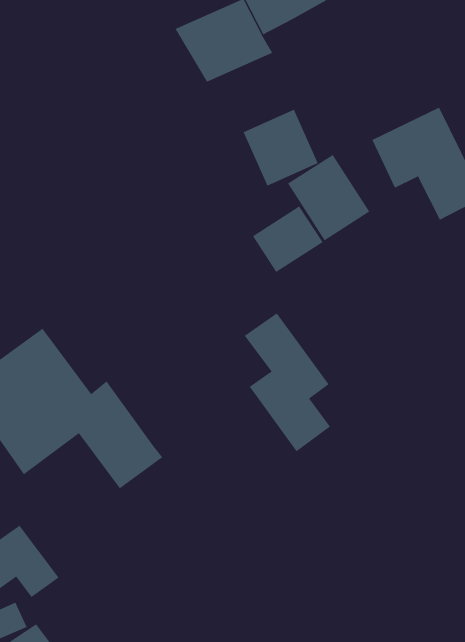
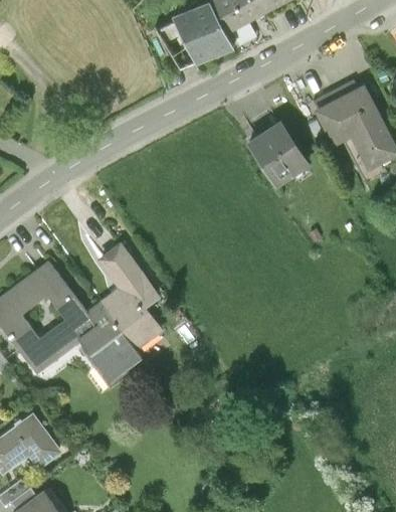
building: [243,109,318,187] -> none
building: [252,205,323,273] -> none
building: [244,313,331,452] -> [97,242,166,352]

